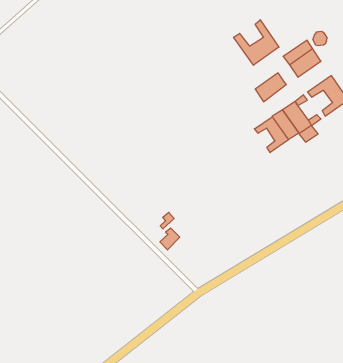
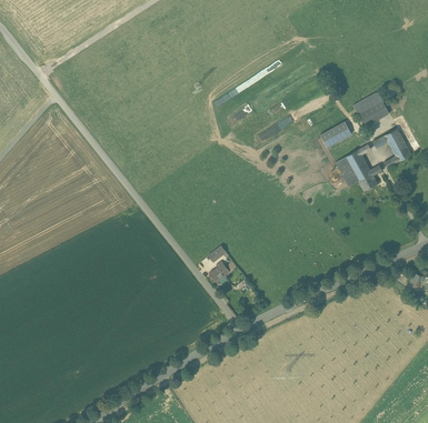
building: [234,20,279,65] -> none
building: [254,117,288,153] -> none

